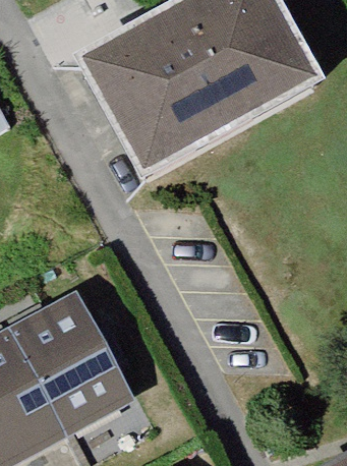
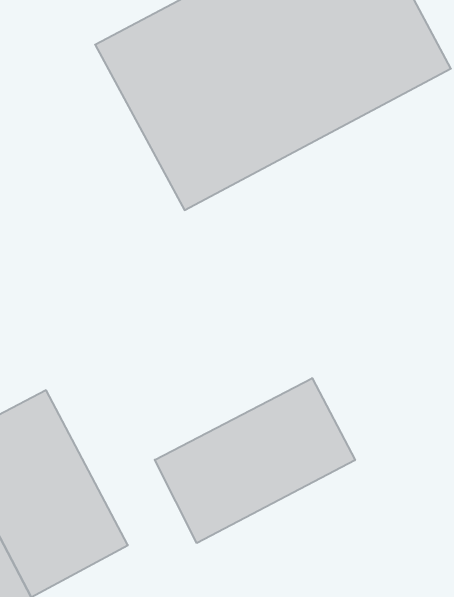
building: none -> [155,378,355,543]

